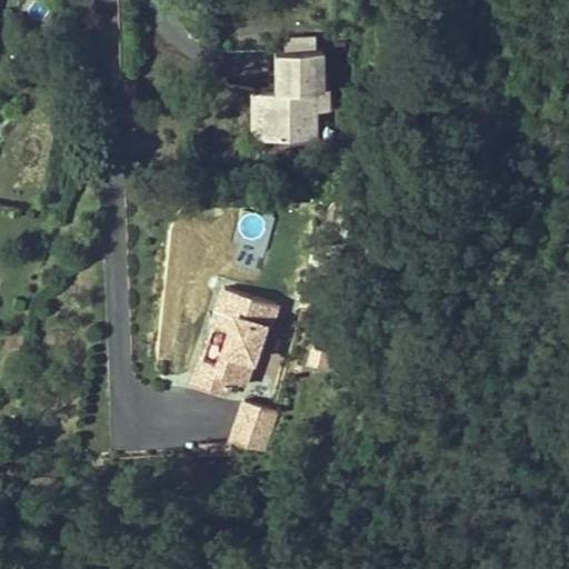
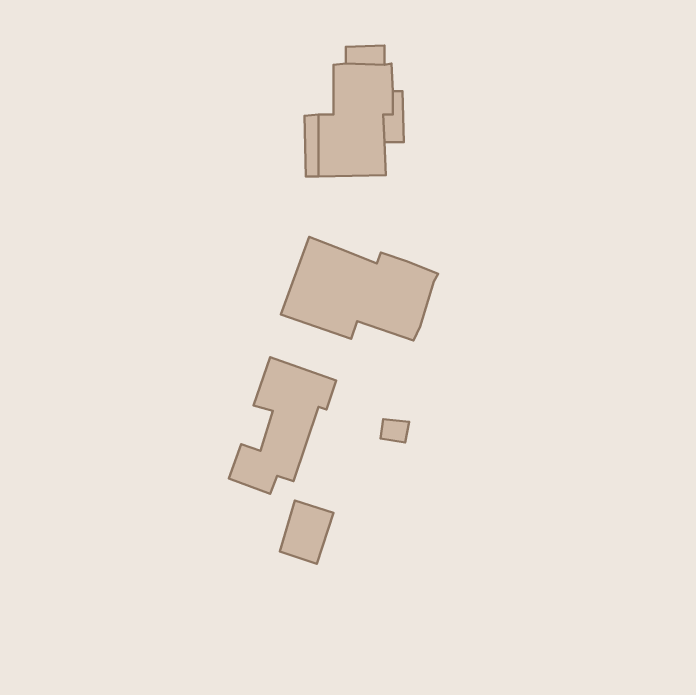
building: none -> [281,237,438,340]

